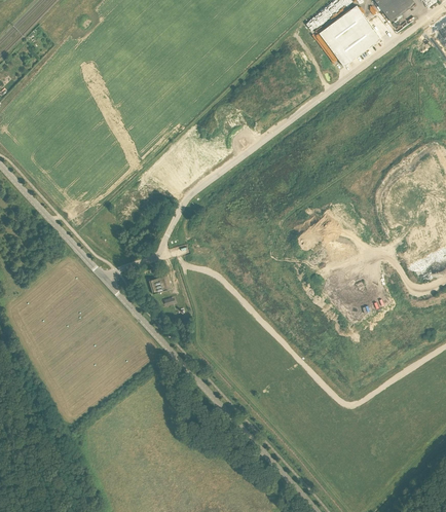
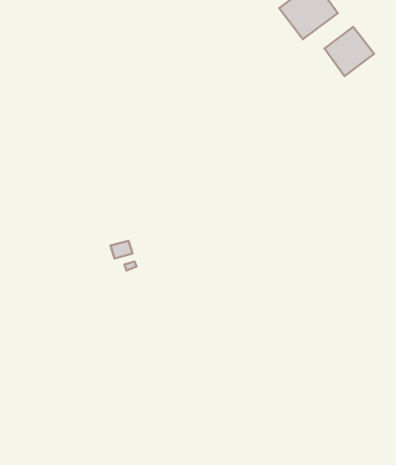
building: none -> [325,27,374,76]

